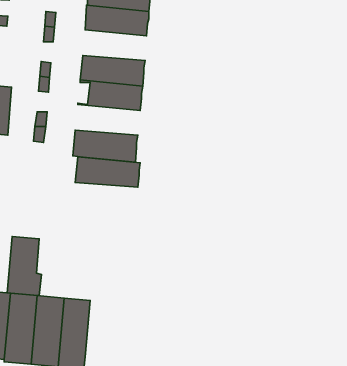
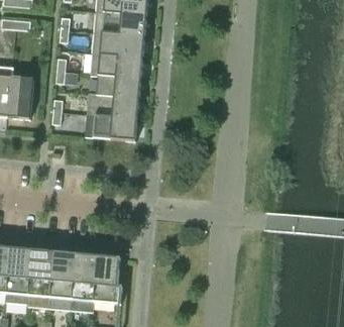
building: none -> [92,32,144,58]
building: [75,157,140,187] -> [86,94,139,119]
building: [7,237,41,295] -> [94,255,122,304]

